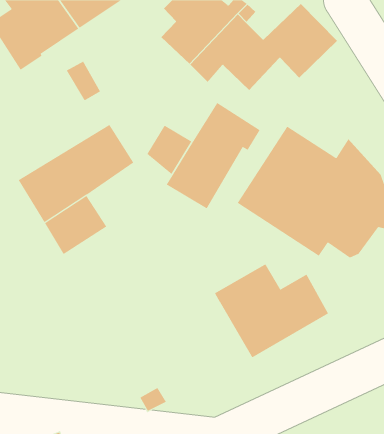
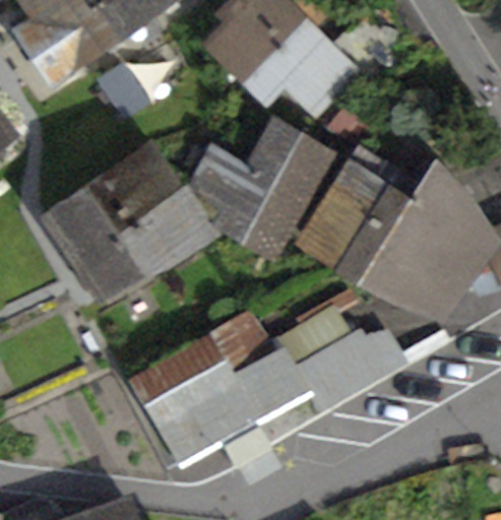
building: none -> [124,191,208,266]
building: none -> [128,339,302,465]

